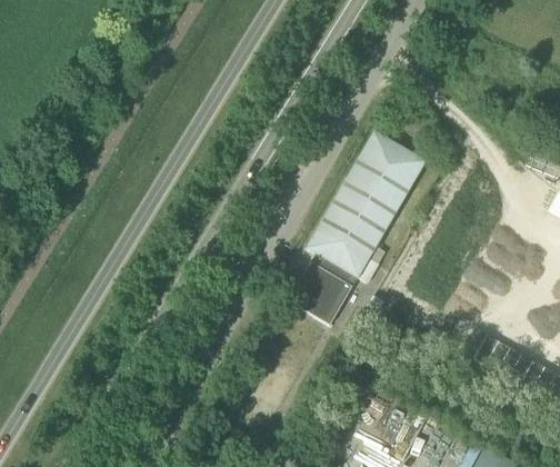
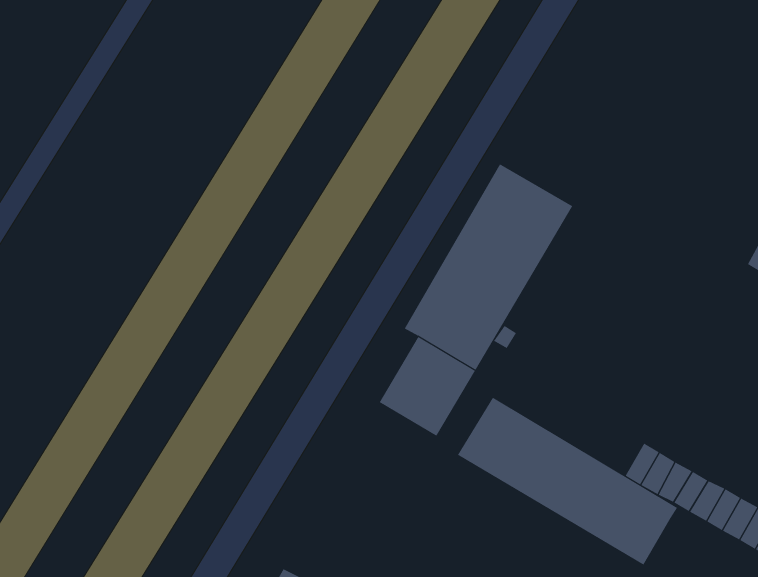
building: none -> [457,397,678,565]

